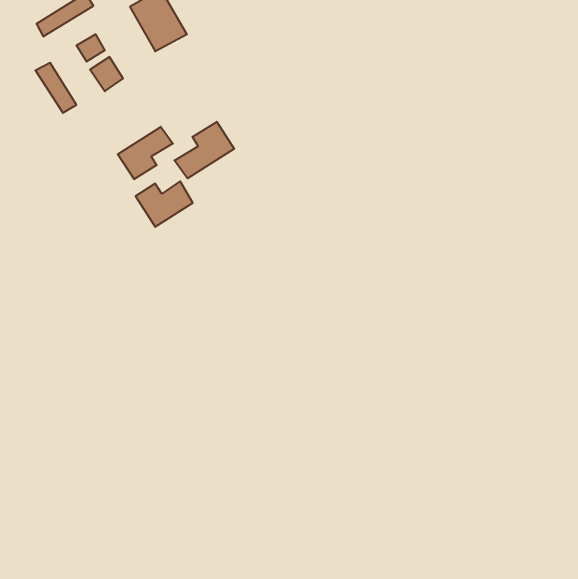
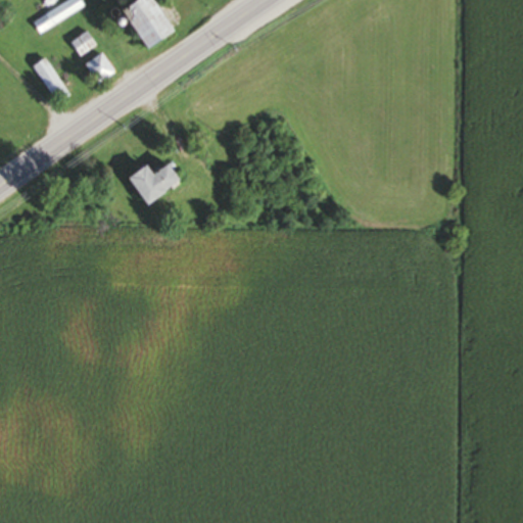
building: [174,122,234,178] -> none
building: [118,127,173,179] -> none

